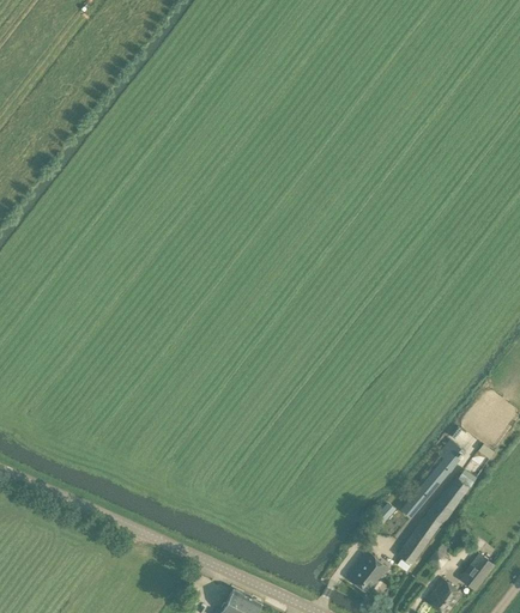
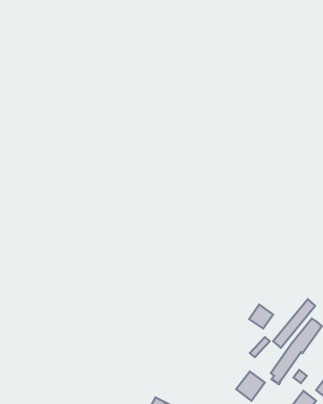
building: none -> [249,304,273,329]

